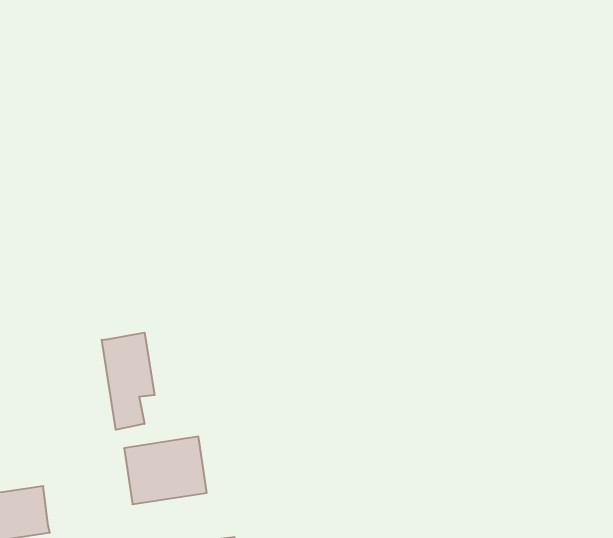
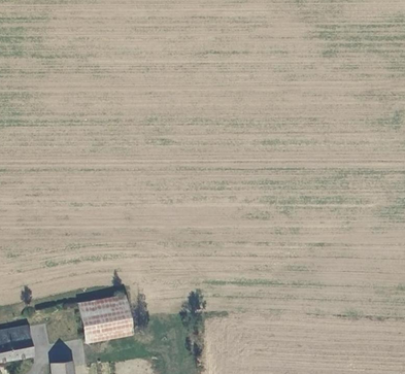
building: [102,333,155,430] -> none

